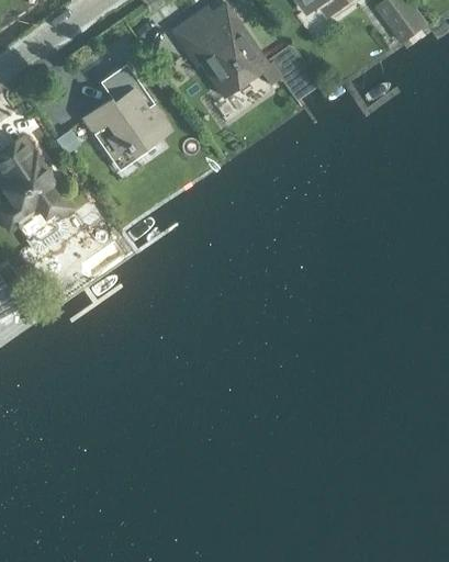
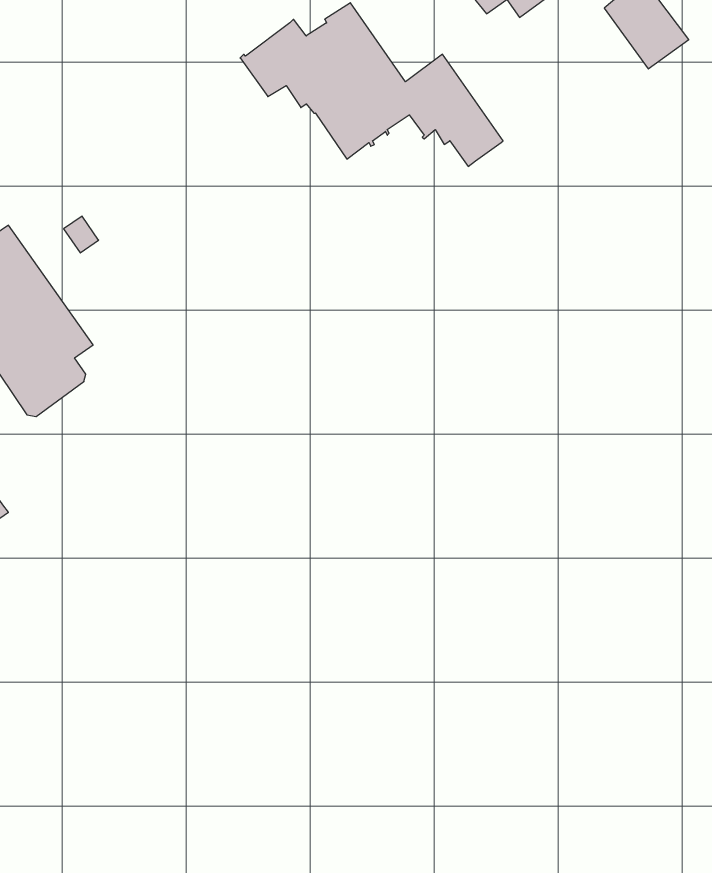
building: [82,65,171,168] -> none

